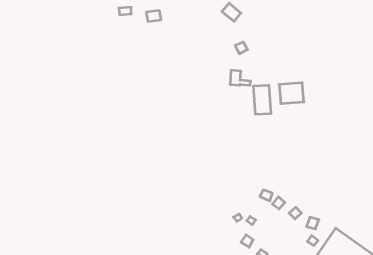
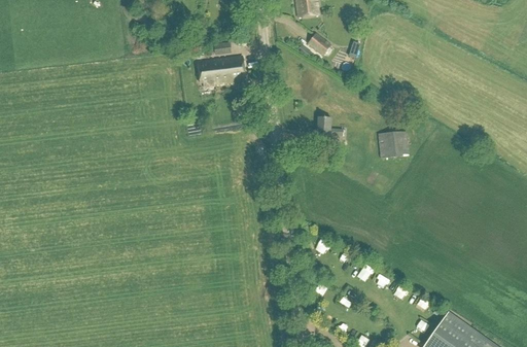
building: none -> [199,56,247,85]
building: [254,85,271,114] -> none

